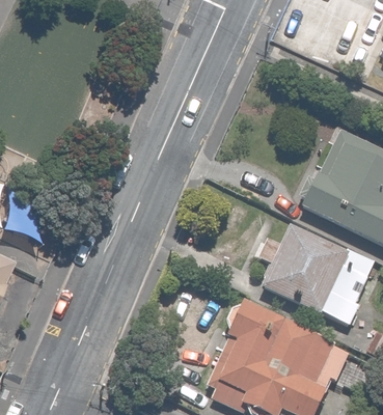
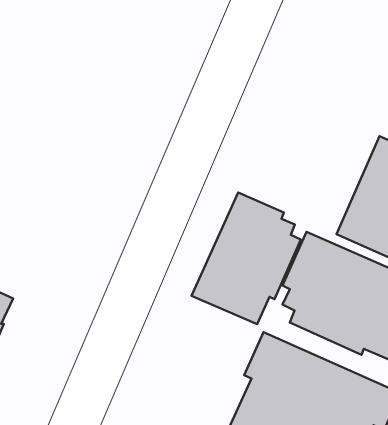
building: none -> [192,192,301,324]

